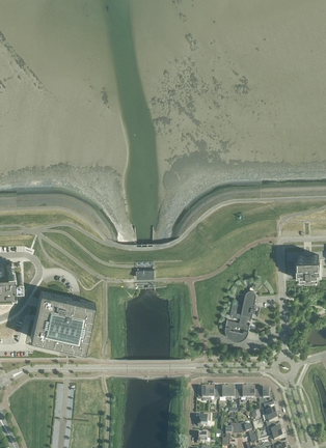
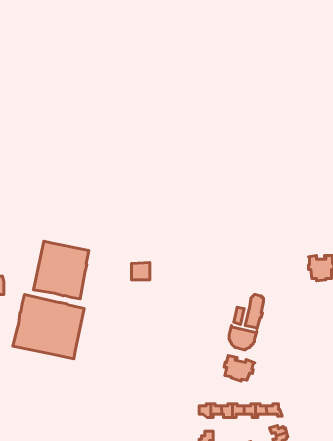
building: none -> [34,241,89,299]
building: none -> [224,356,255,381]

